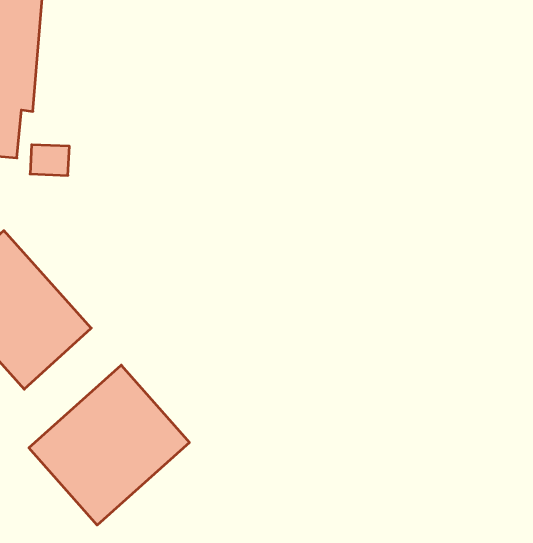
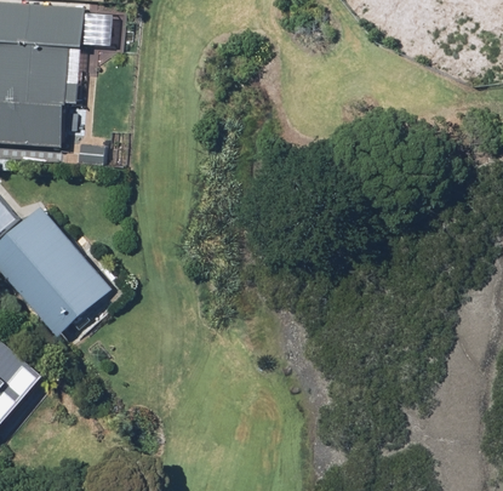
building: [29,365,189,525] -> none

